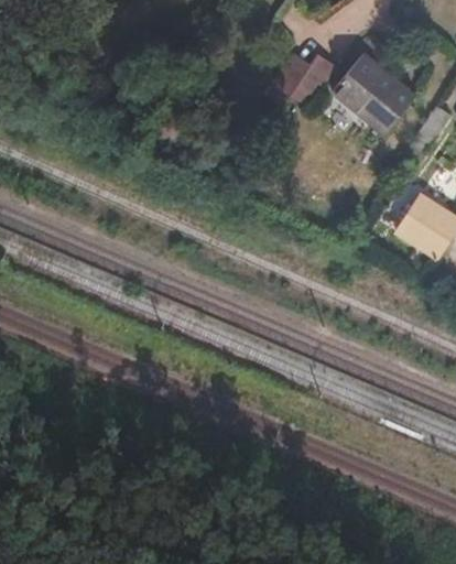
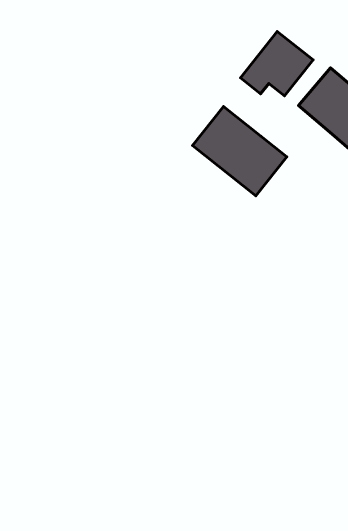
building: none -> [192,106,287,196]

